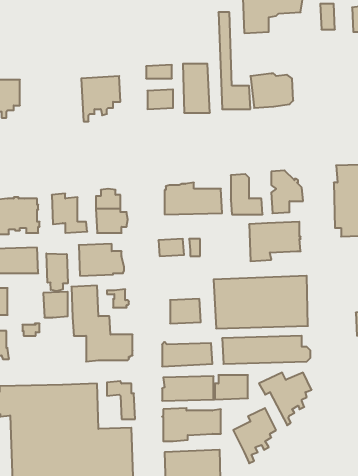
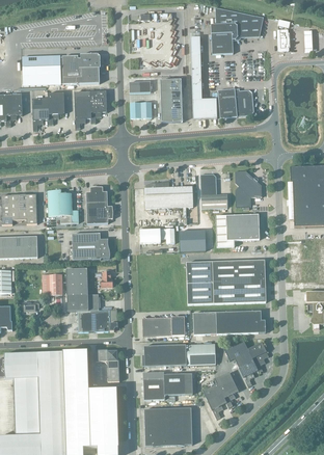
building: none -> [22,54,100,85]
building: none -> [32,92,64,130]
building: [46,253,68,291] -> none
building: [170,299,201,323] -> [180,231,206,251]

